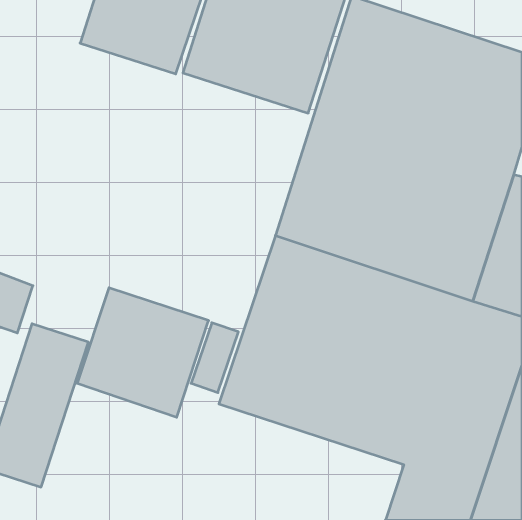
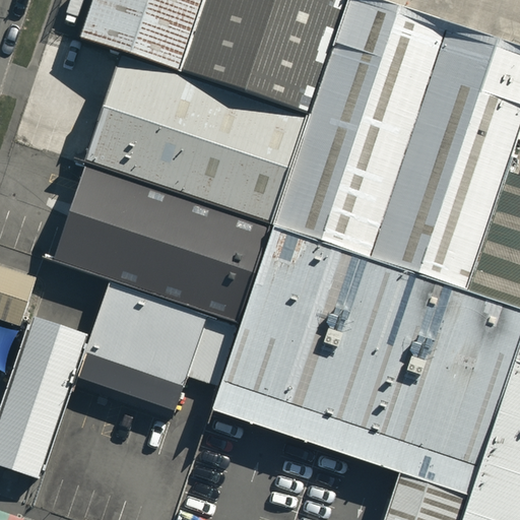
building: none -> [84,59,303,223]
building: none -> [52,170,266,323]

